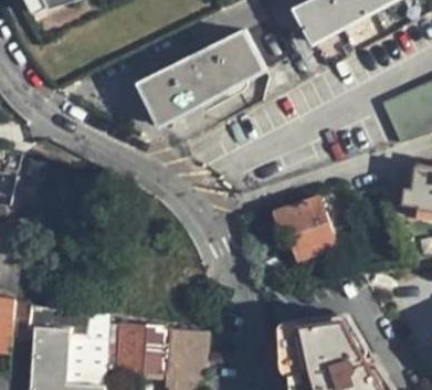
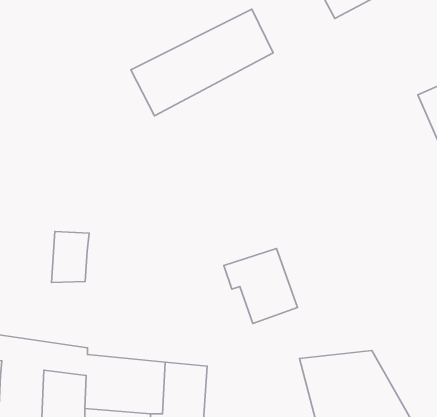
building: [273,197,335,260] -> [224,248,298,323]
building: none -> [52,232,89,282]

